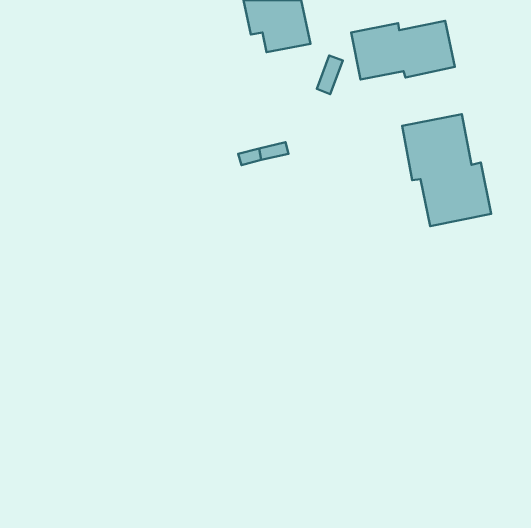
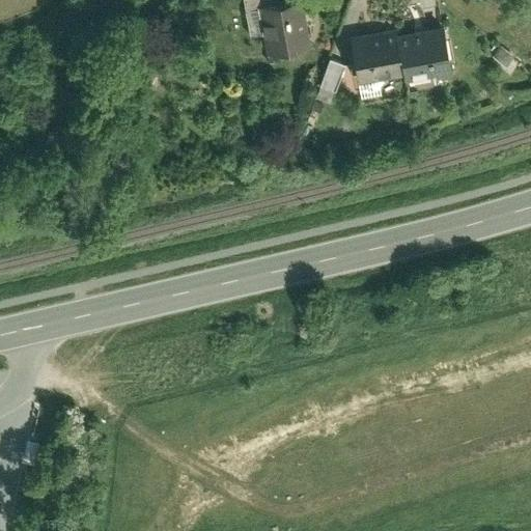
building: [402,114,491,226] -> none

